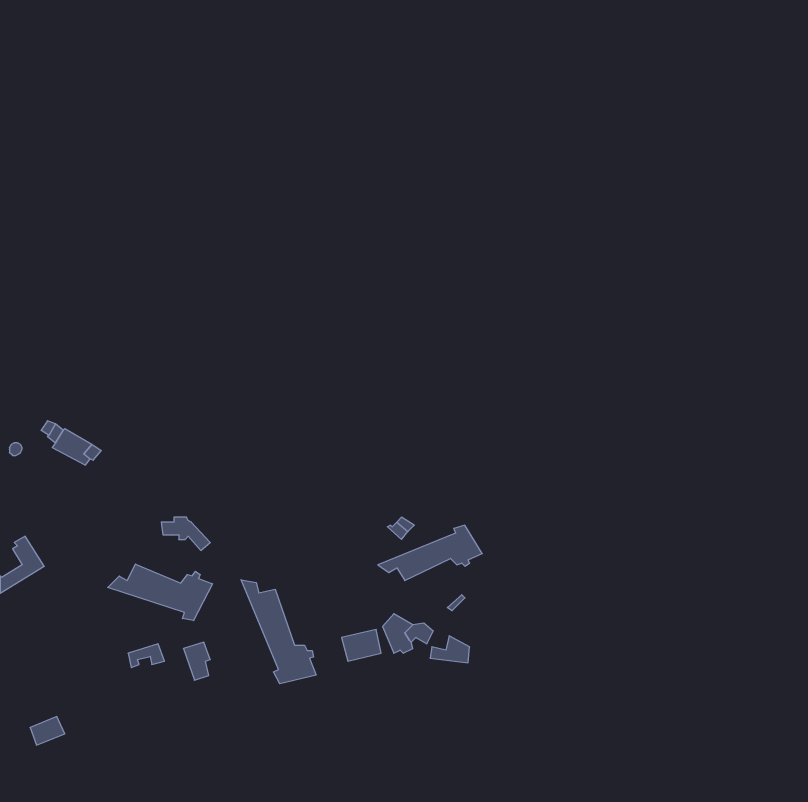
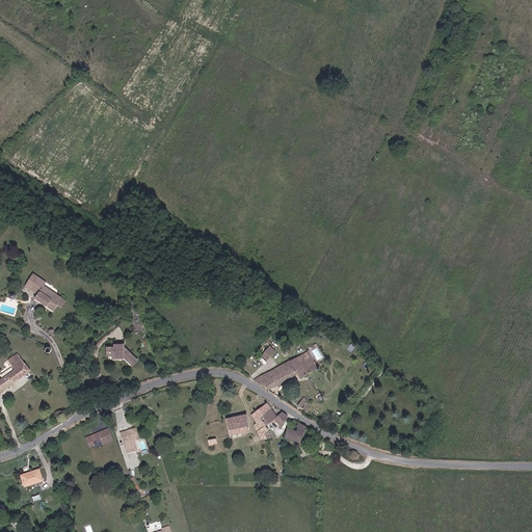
building: [108,564,212,621] -> none
building: [241,580,316,684] -> none

